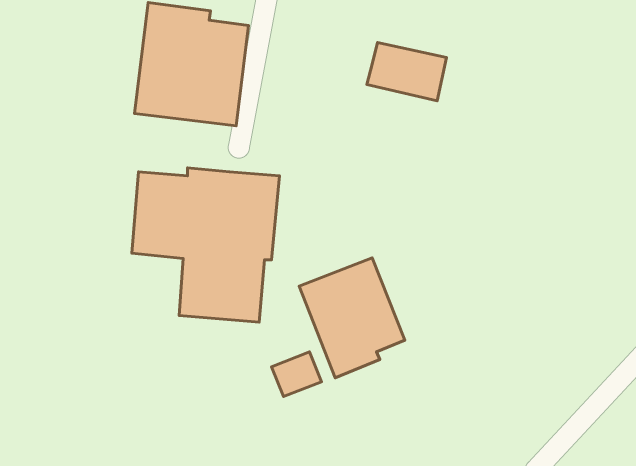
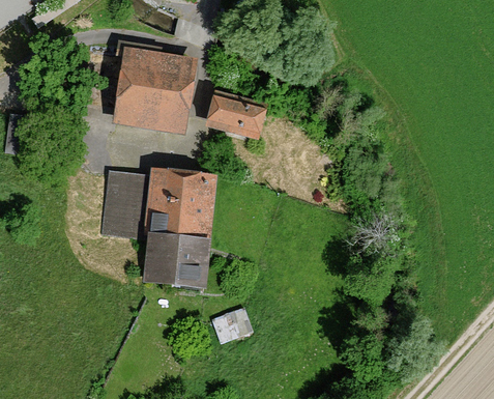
building: [367,43,447,101] -> [202,94,263,139]
building: [299,258,405,378] -> none

